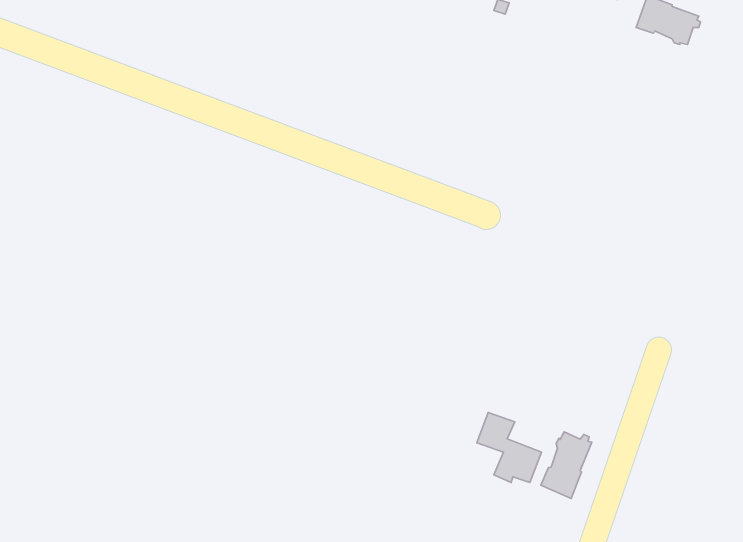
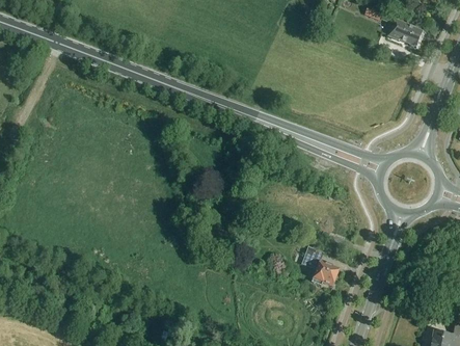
building: [541,432,592,498] -> none

